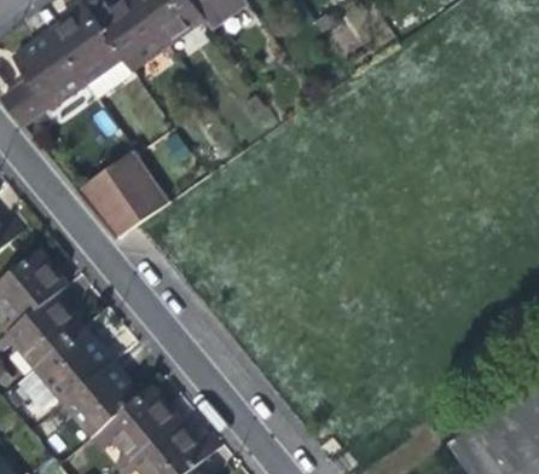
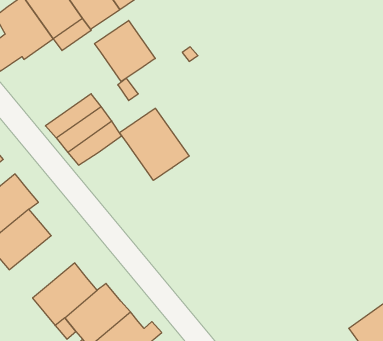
building: none -> [95,20,155,82]
building: none -> [120,108,189,180]
building: [30,325,111,403] -> none

